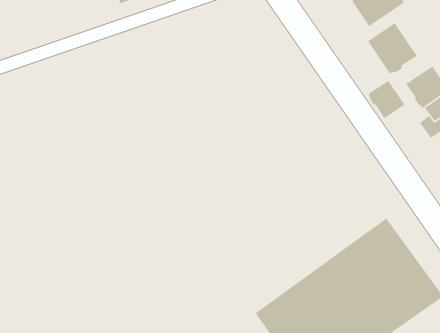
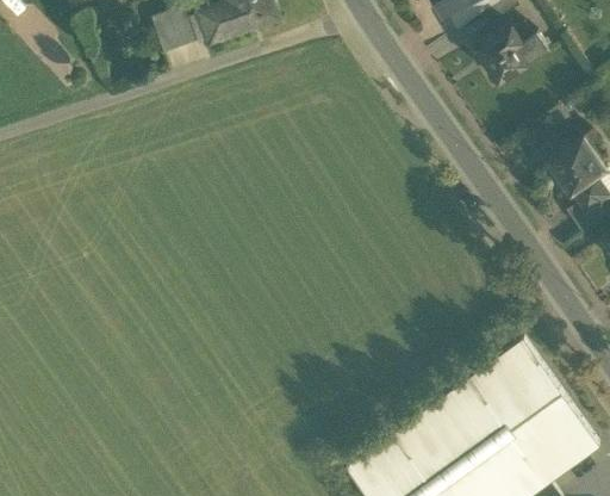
building: [367,22,418,75] -> none
building: [367,80,405,119] -> none

